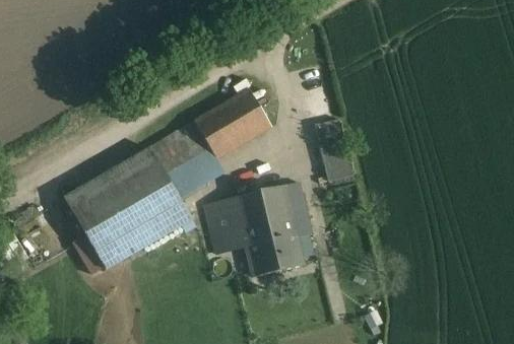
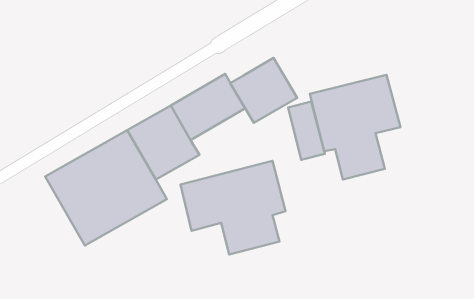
building: none -> [230,58,297,123]
building: none -> [310,75,400,179]

